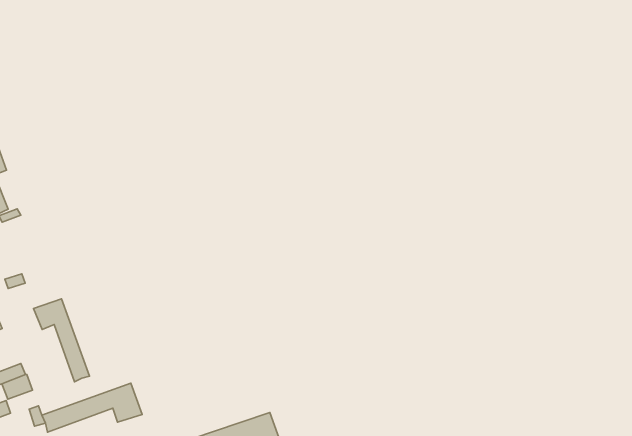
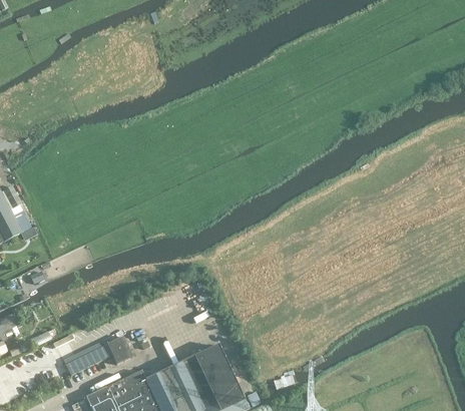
building: [33,299,89,382] -> none

